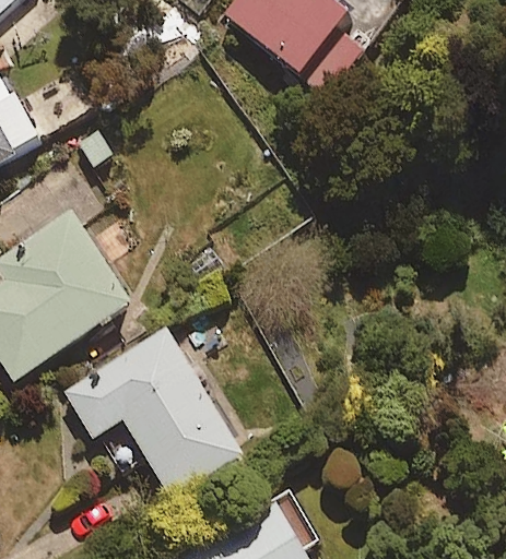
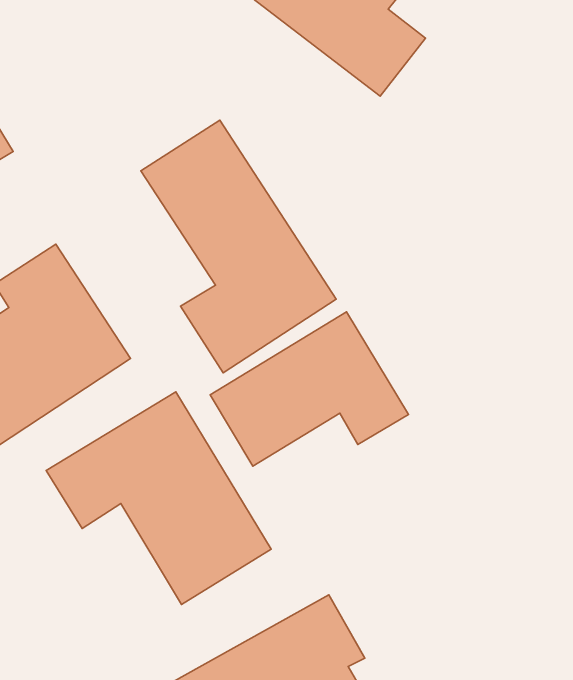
building: none -> [141,120,336,373]
building: none -> [210,312,408,466]

